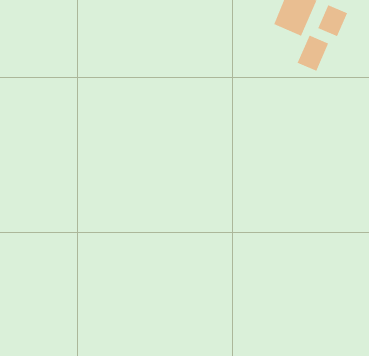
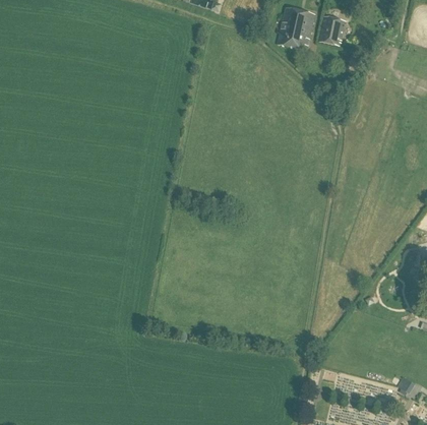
building: [297,34,329,72] -> none

